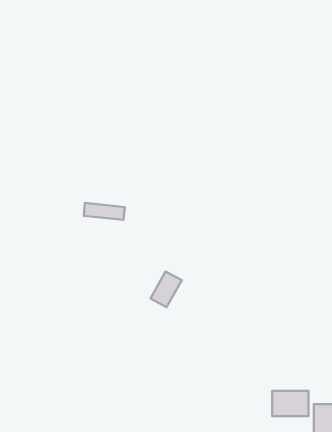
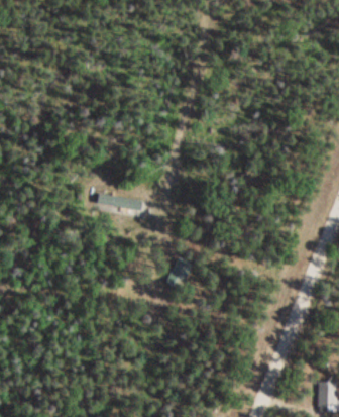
building: [272,391,309,416] -> none

